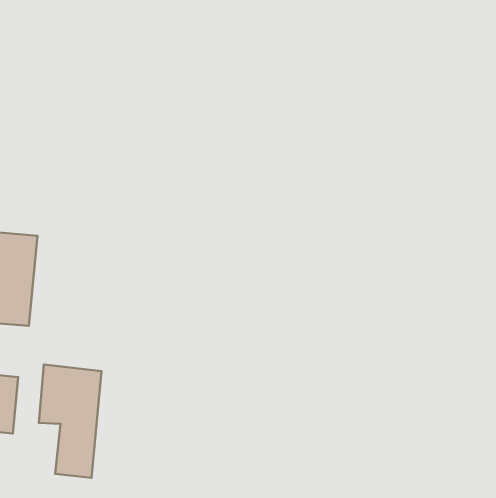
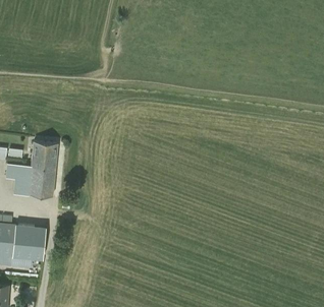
building: [39,364,102,478] -> none

